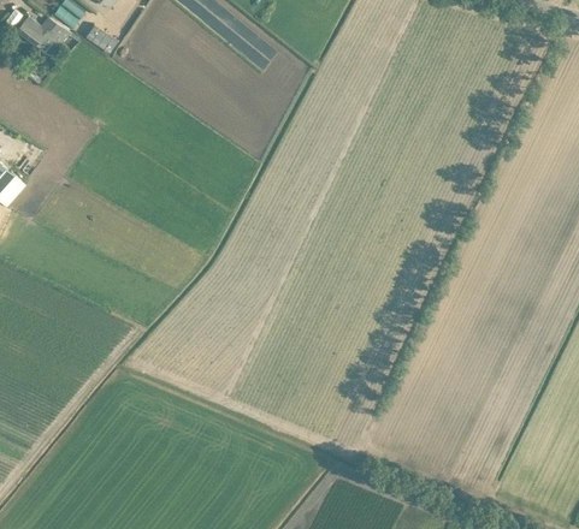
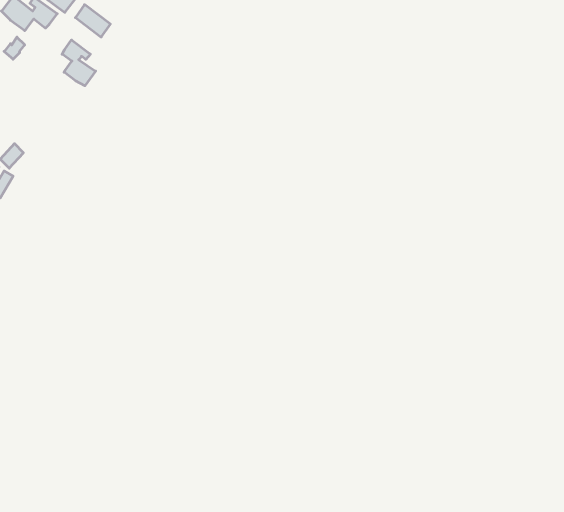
building: none -> [62,40,96,86]

